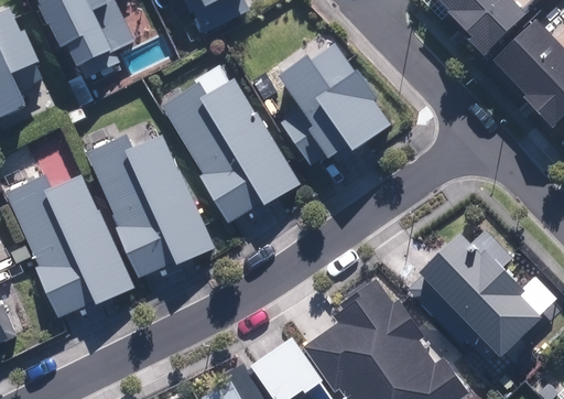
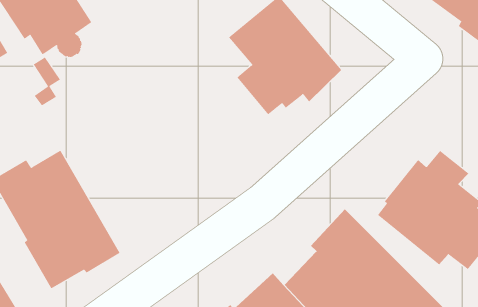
building: [162,78,302,225] -> none
building: [89,136,214,280] -> none

